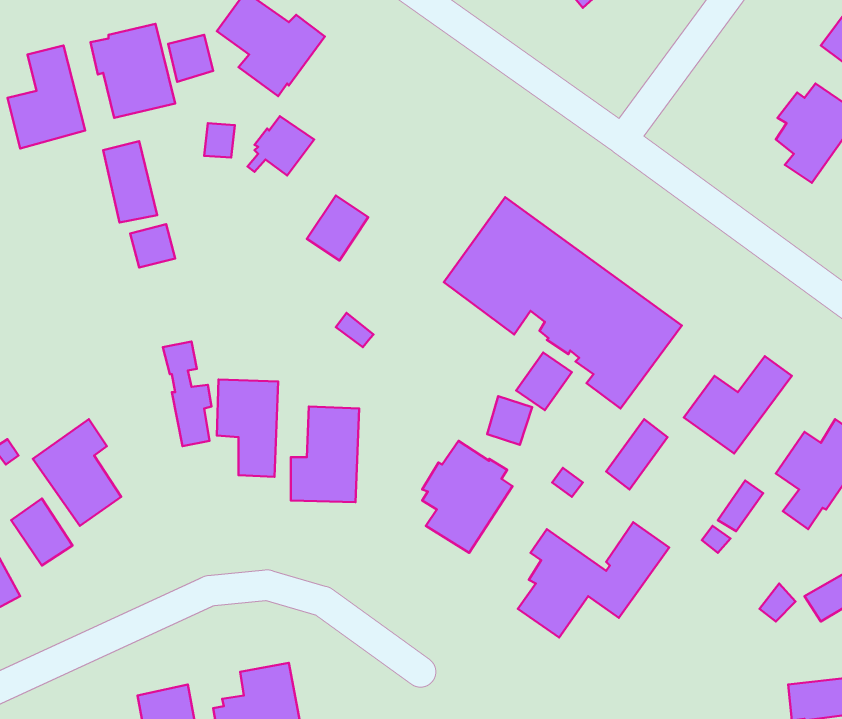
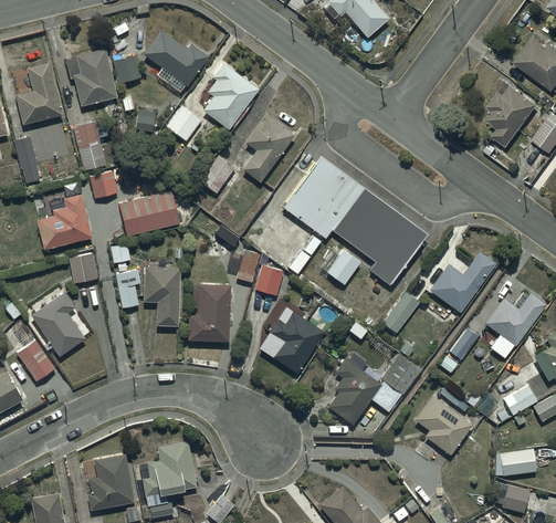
building: none -> [202,63,259,129]
building: none -> [243,115,293,181]
building: none -> [14,136,36,181]
building: none -> [118,191,178,236]
building: none -> [36,195,92,250]
building: none -> [235,250,259,283]
building: none -> [69,253,97,284]
building: [487,396,532,445] -> [255,265,283,295]
building: none -> [413,395,472,454]

